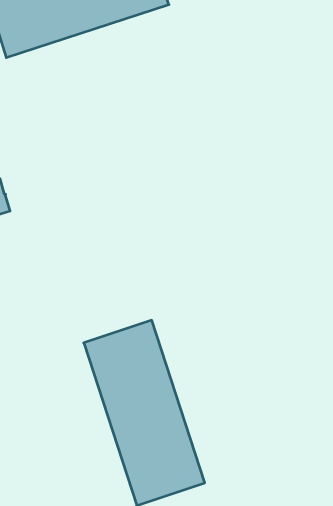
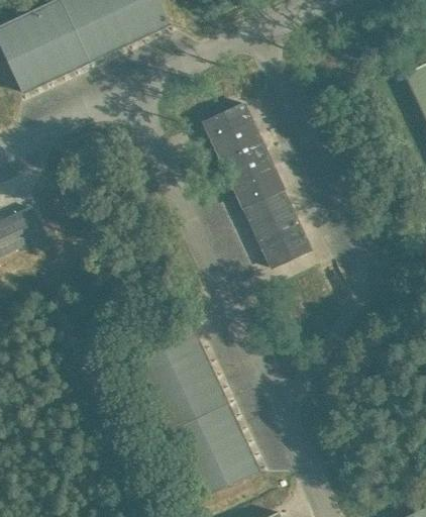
building: none -> [205,100,312,268]

